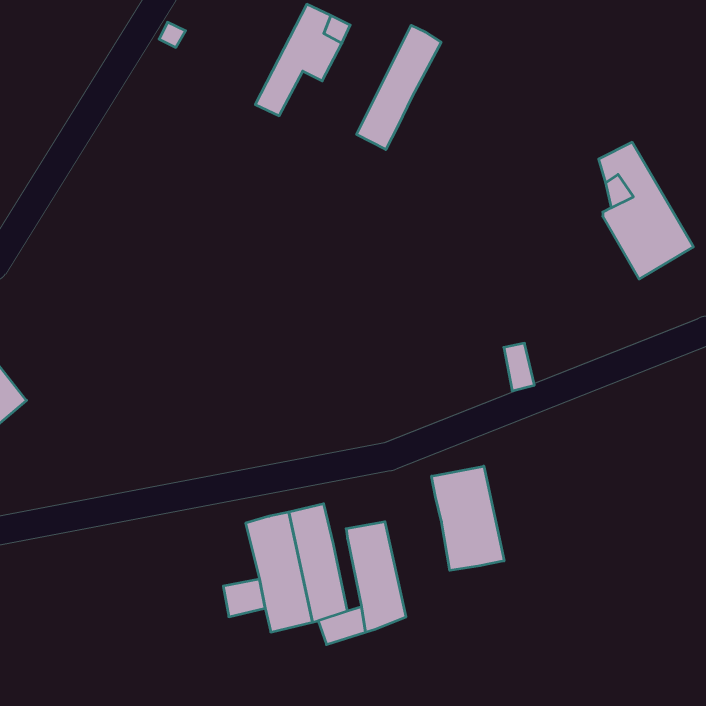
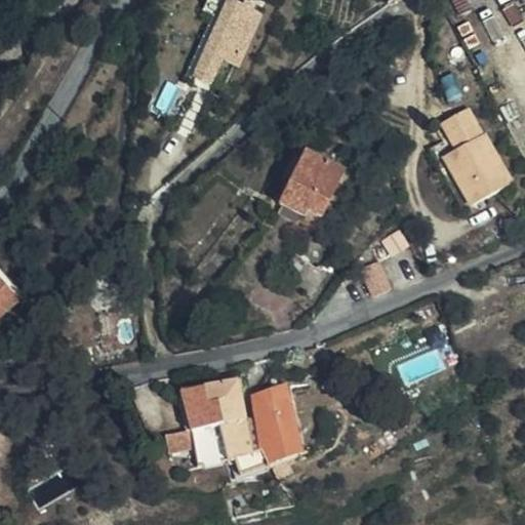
building: [357,25,441,150] -> none
building: none -> [279,152,344,217]
building: [432,466,504,570] -> none

